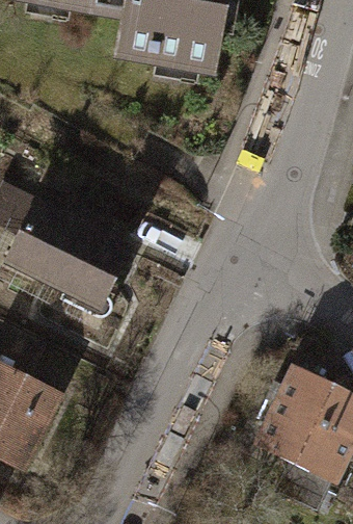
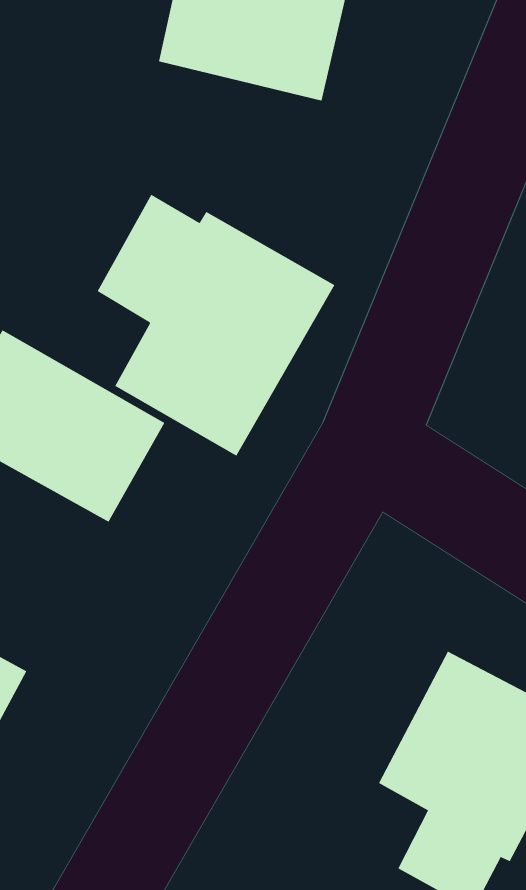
building: none -> [97,194,335,457]

